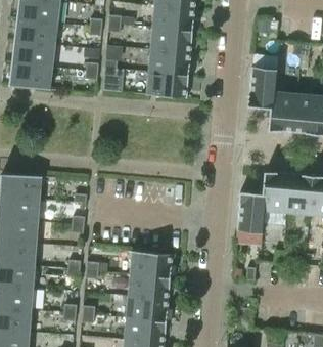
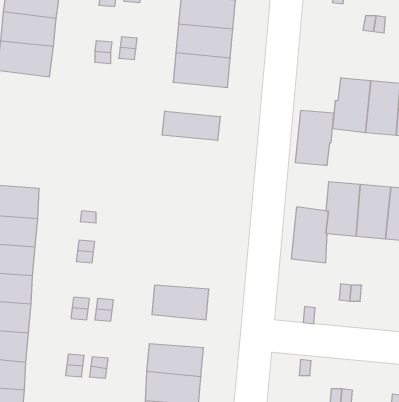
building: [247,67,277,109] -> [295,111,334,165]
building: none -> [162,111,220,141]
building: [127,273,171,299] -> none

